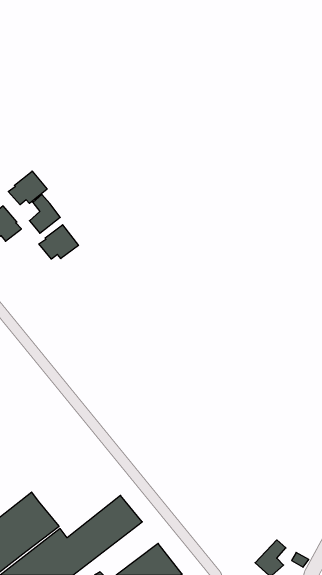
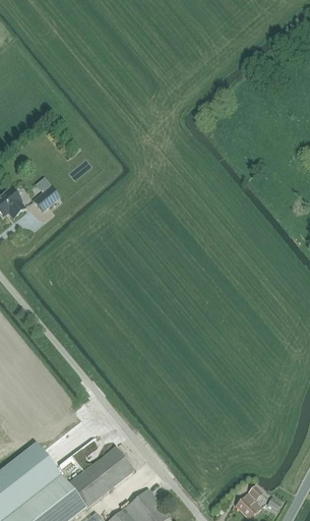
building: [8,171,47,205] -> none
building: [39,225,78,259] -> none

